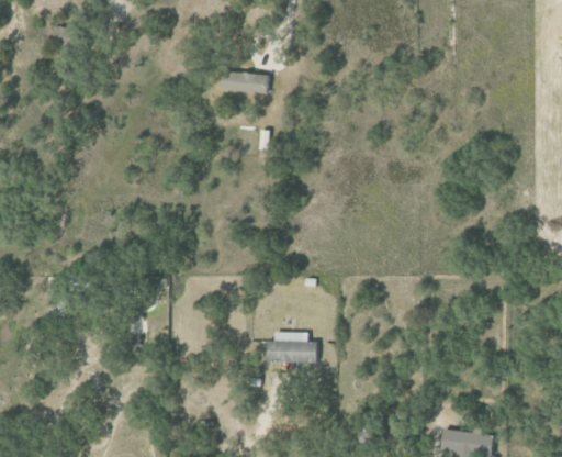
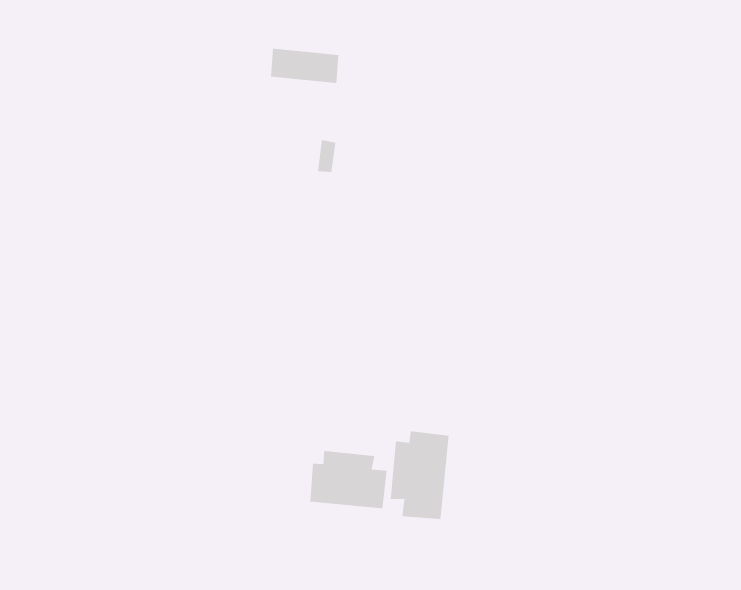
building: none -> [390,431,449,520]

